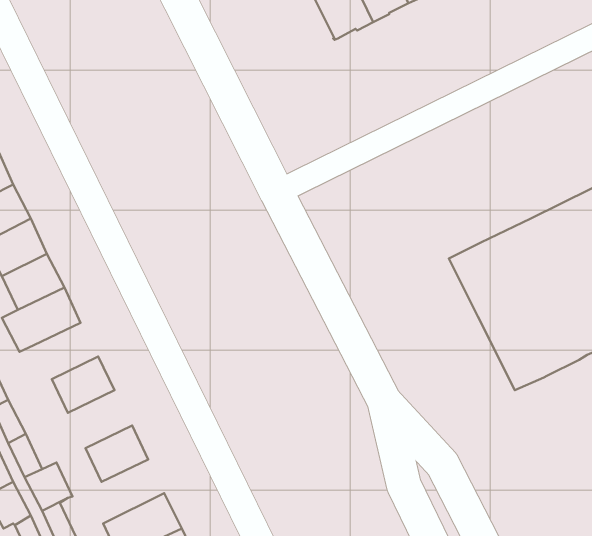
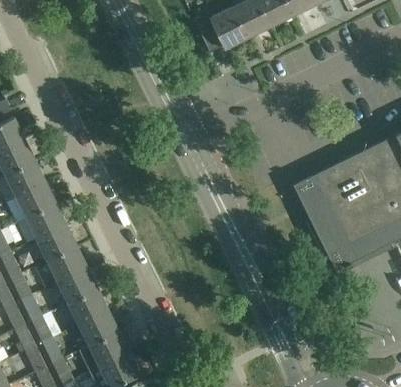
building: none -> [36,225,76,260]
building: none -> [57,267,97,303]
building: none -> [78,310,117,345]

